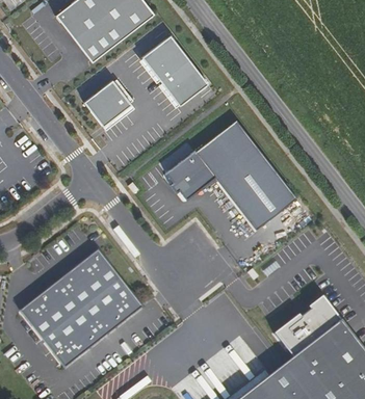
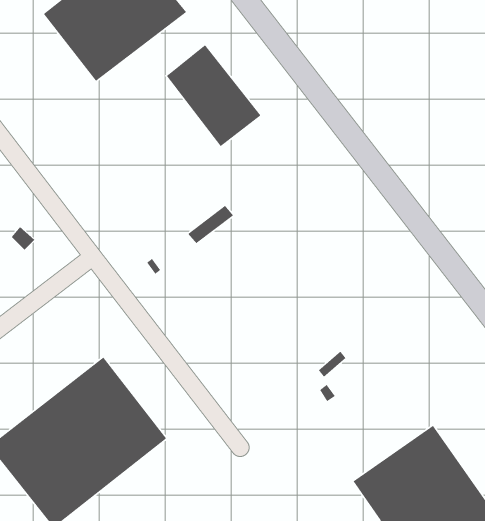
building: [83,80,131,127] -> none
building: [165,119,296,230] -> none

